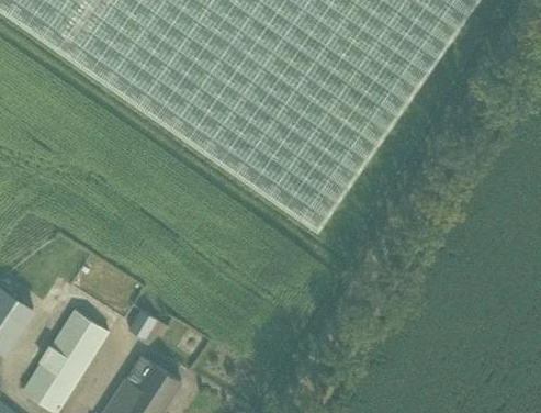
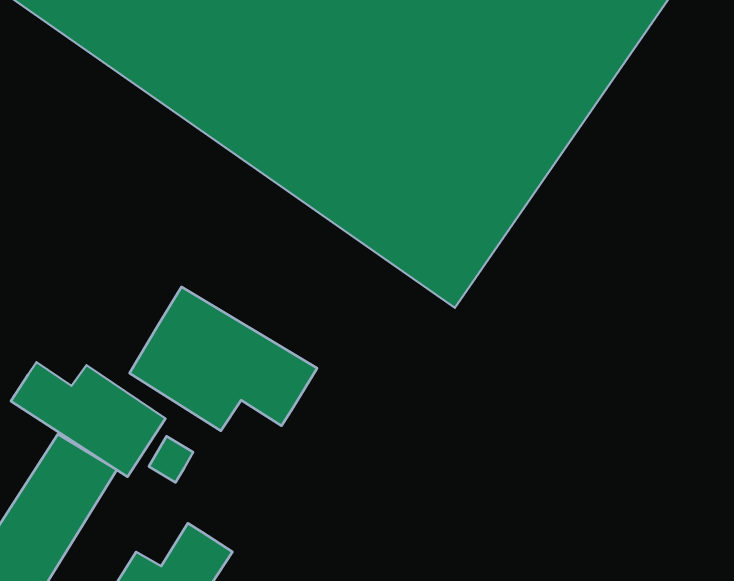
building: none -> [129,287,317,431]
building: none -> [11,362,165,477]

